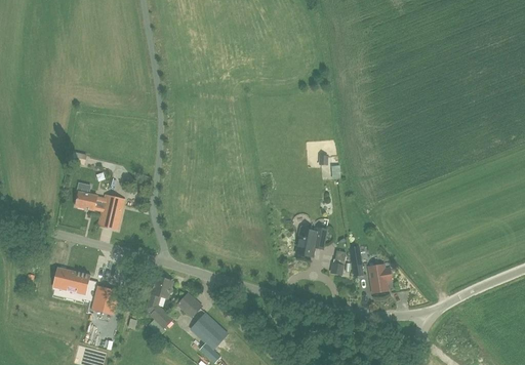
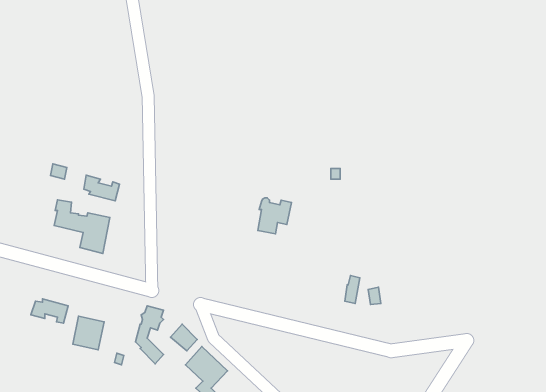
building: none -> [84,175,120,201]
building: [296,226,326,257] -> [258,198,292,234]
building: [367,265,392,293] -> none

